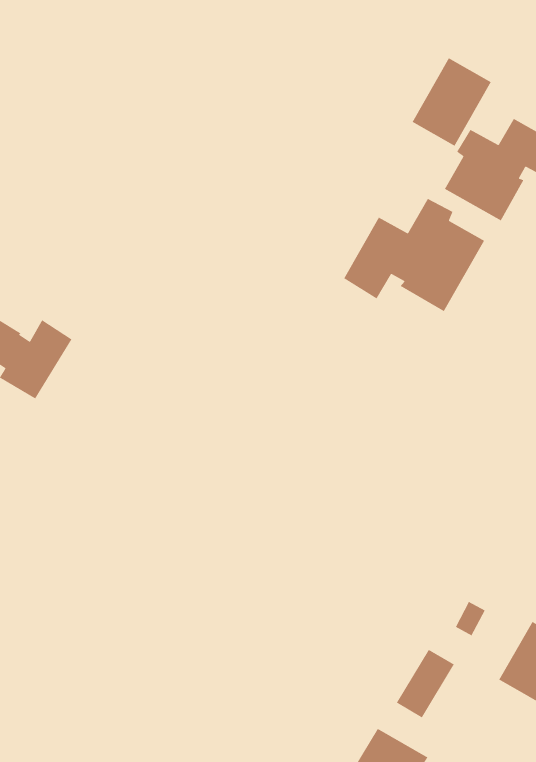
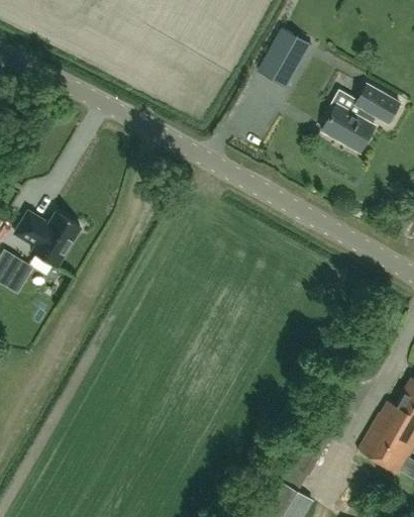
building: [411,57,492,147] -> [256,28,309,87]
building: [343,198,485,312] -> none

